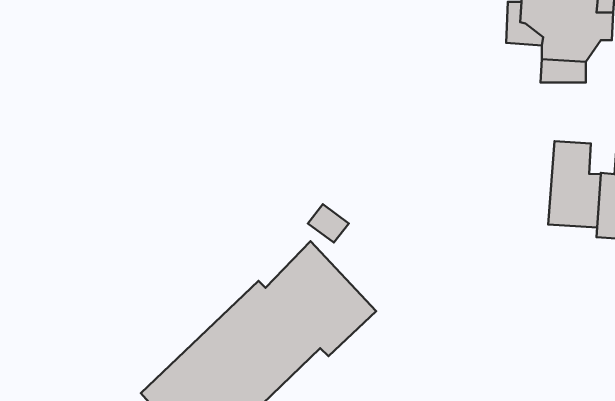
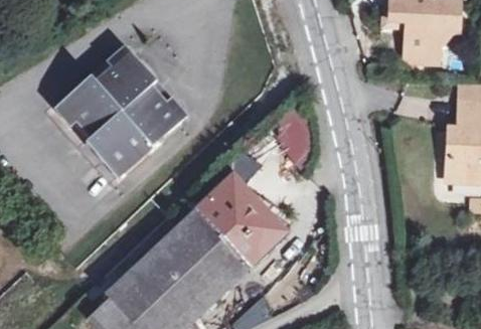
building: none -> [61,51,183,179]
building: [548,141,601,227] -> none

